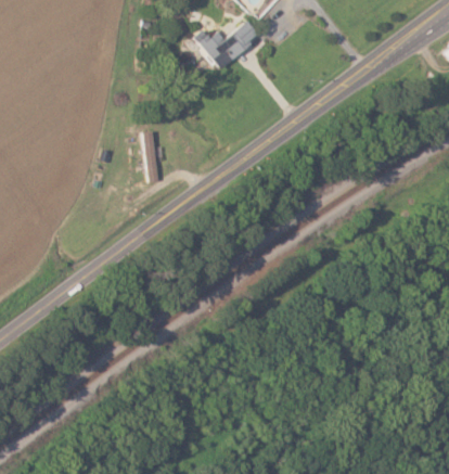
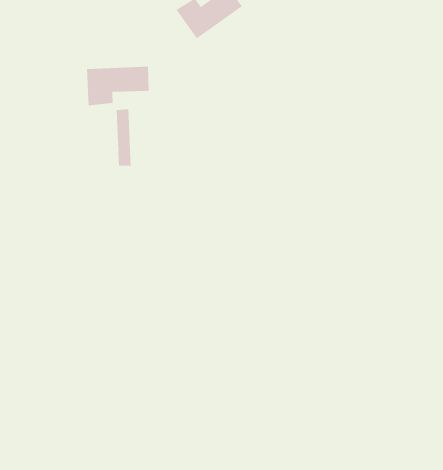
building: none -> [86,66,149,106]

